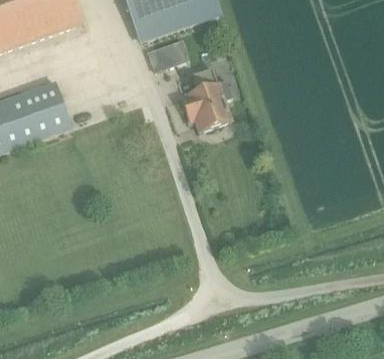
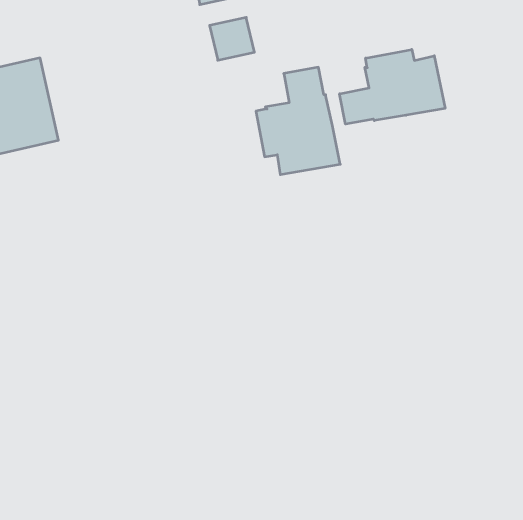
building: none -> [340,49,445,124]

